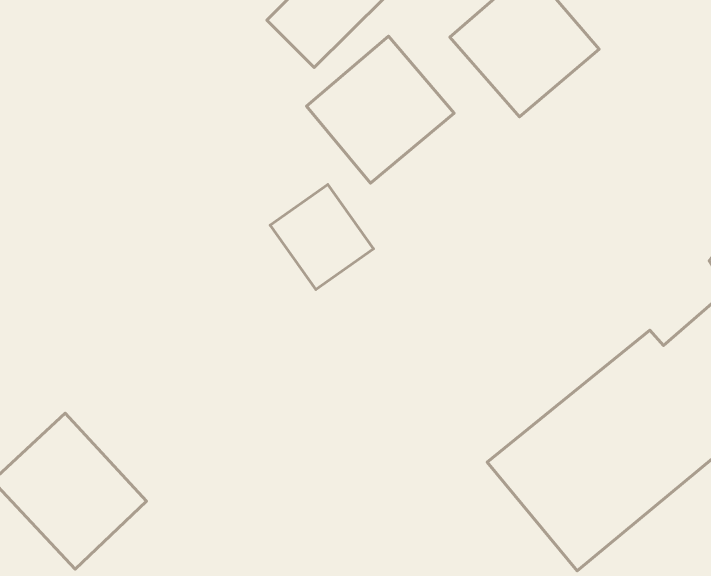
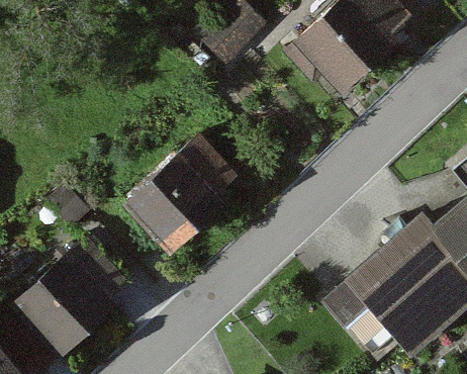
building: [306,36,454,183] -> none
building: none -> [127,160,222,254]

